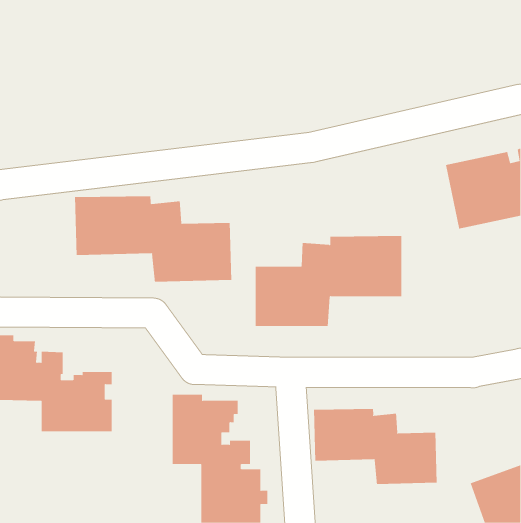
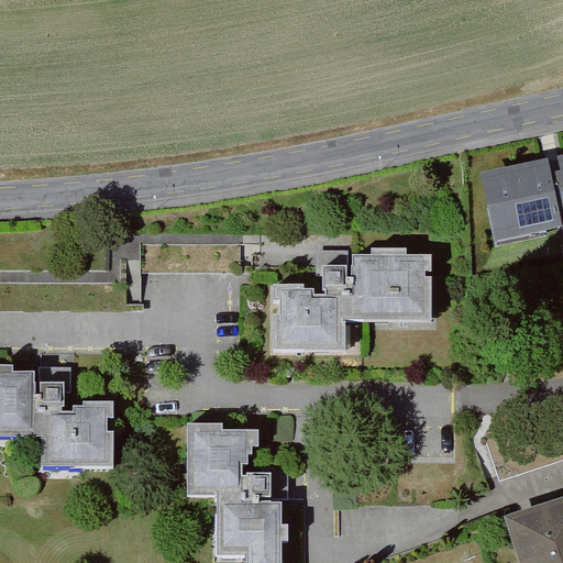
building: [75,195,232,283] -> none
building: [313,408,437,485] -> none

